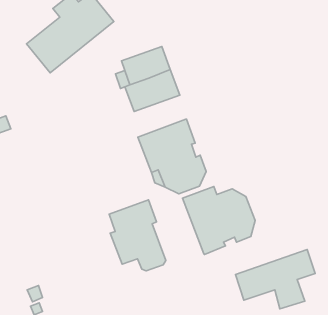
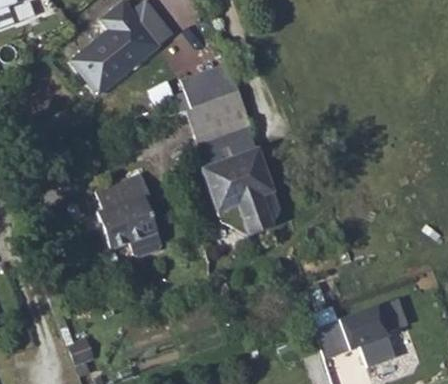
building: none -> [193,120,256,169]
building: [182,186,255,254] -> none
building: [109,200,166,271] -> [95,173,161,256]

